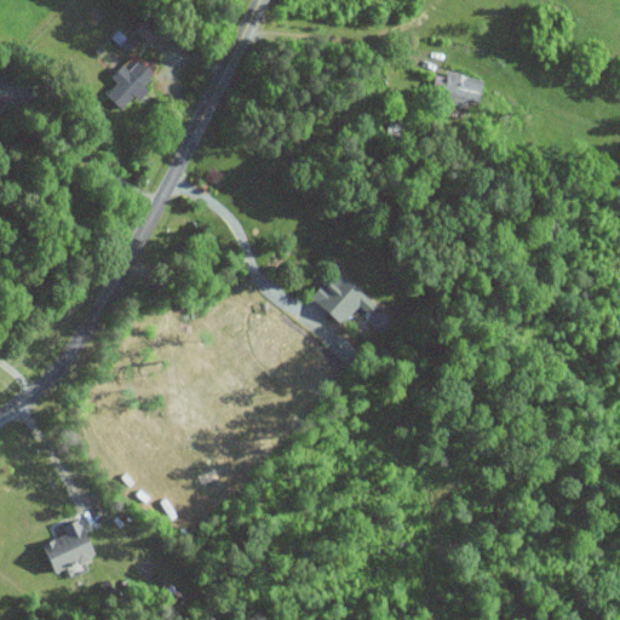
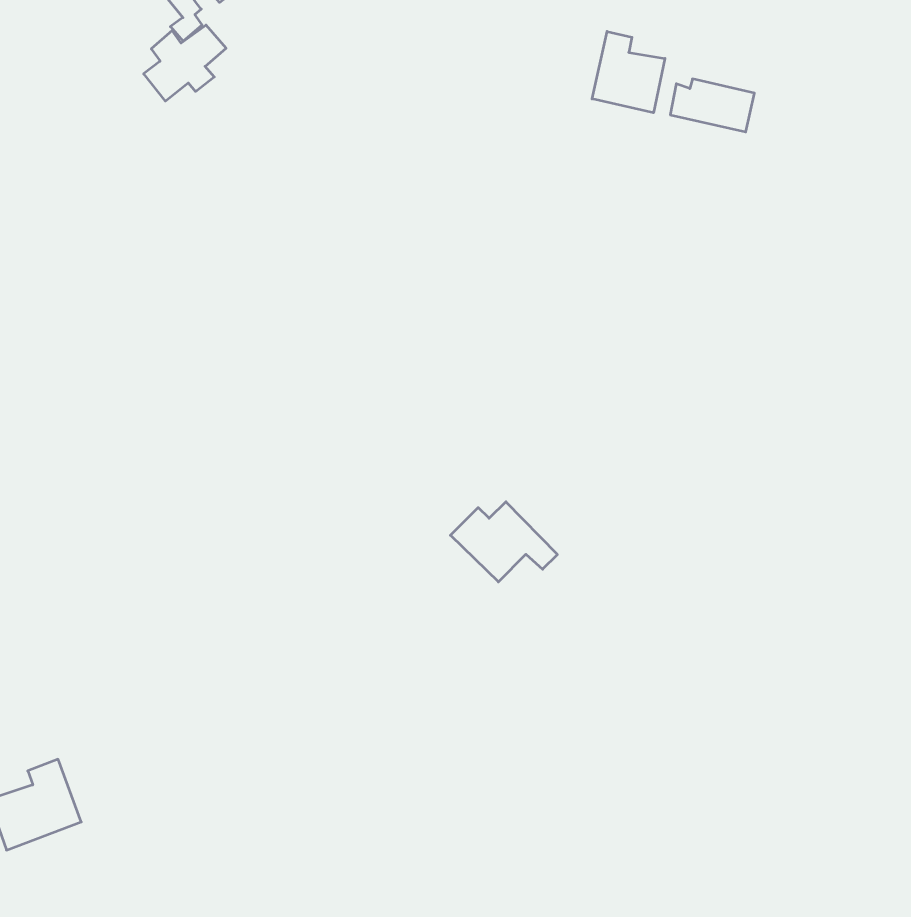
building: none -> [592,31,665,113]
building: [314,276,380,326] -> [450,502,557,582]

